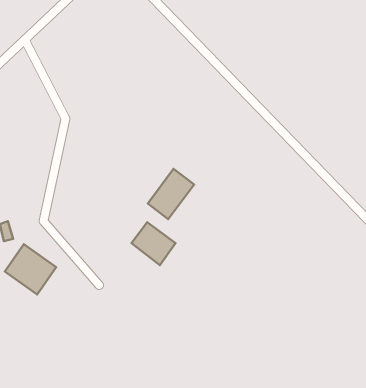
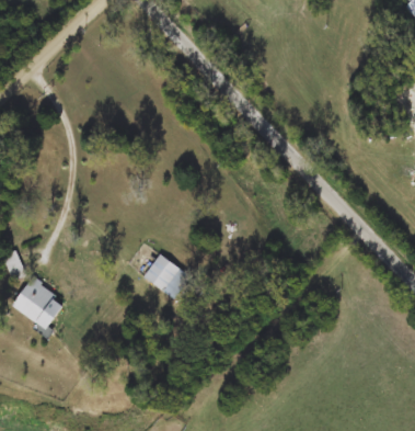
building: [148,169,194,219] -> none

